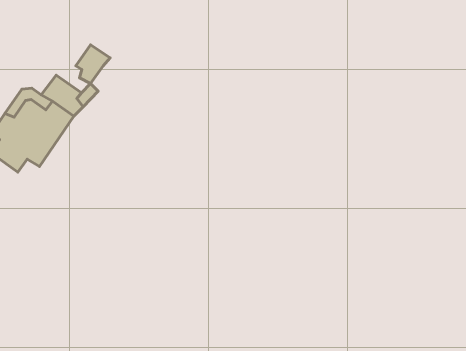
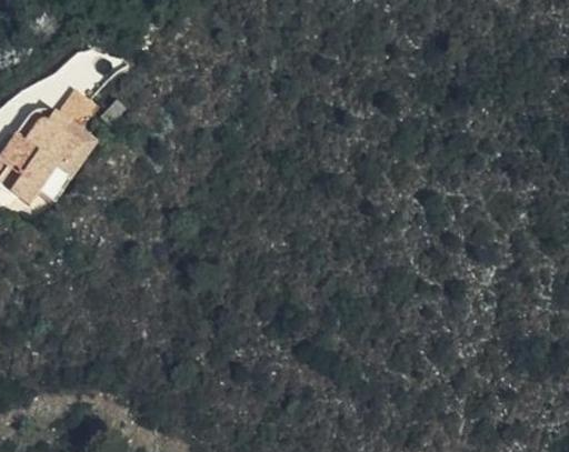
building: [76,45,110,84] -> none

